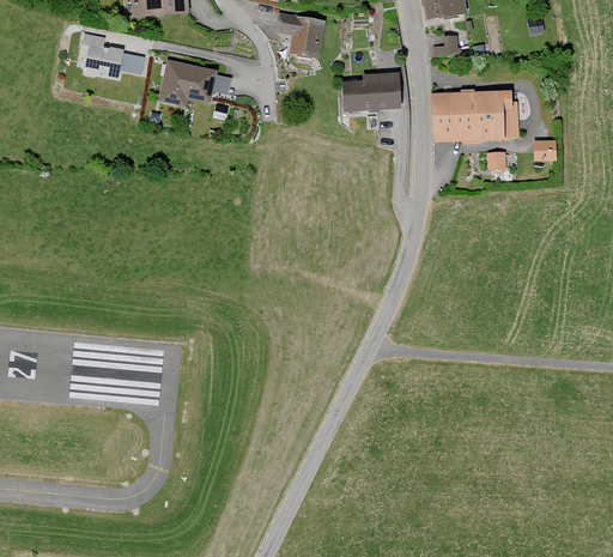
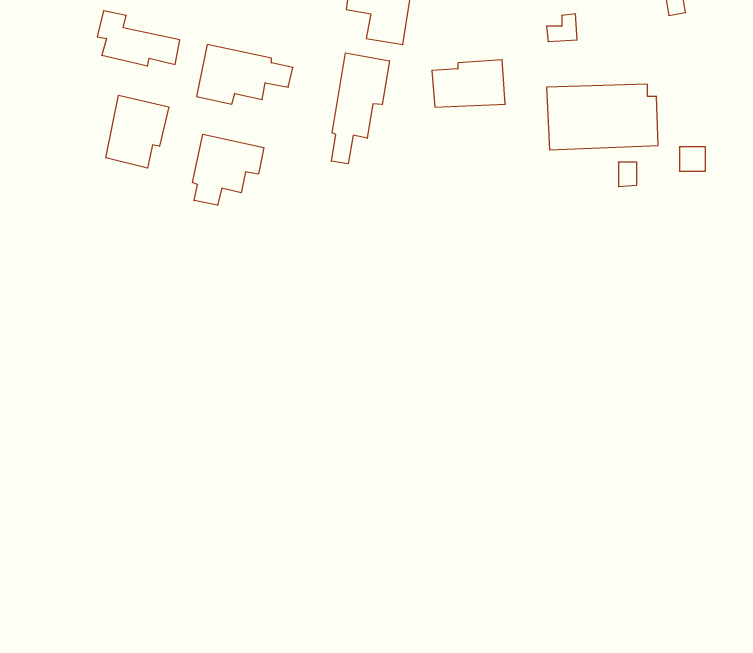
building: none -> [331,53,389,164]
building: none -> [106,95,169,168]
building: none -> [193,134,264,205]

